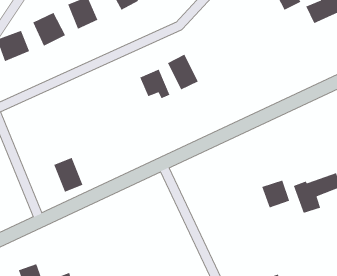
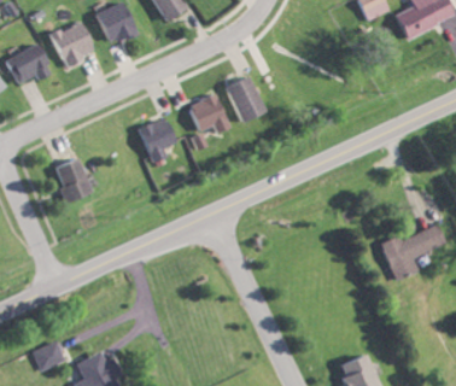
building: none -> [140,118,174,162]
building: [53,157,83,193] -> [52,157,90,203]
building: [261,179,290,209] -> none

